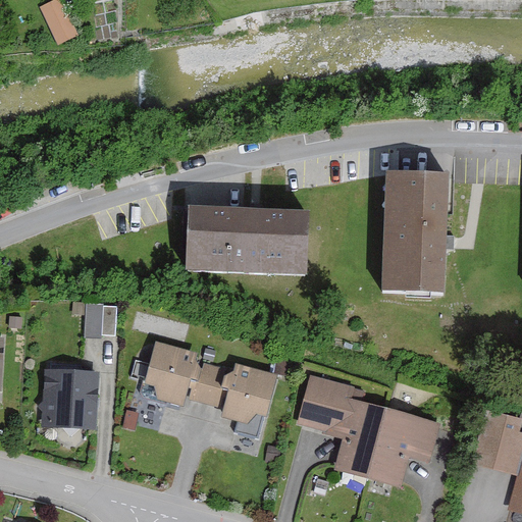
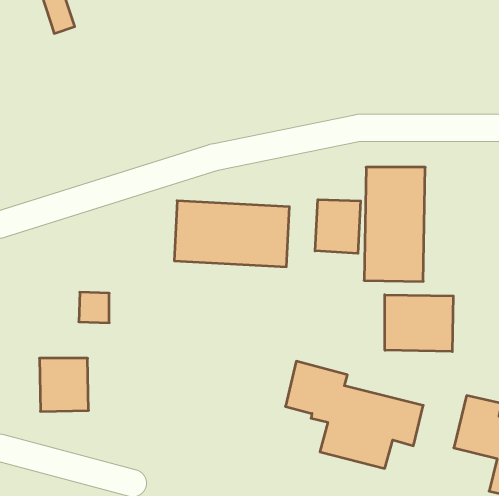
building: none -> [315,200,361,253]
building: none -> [385,295,453,352]
building: [145,343,276,437] -> none

